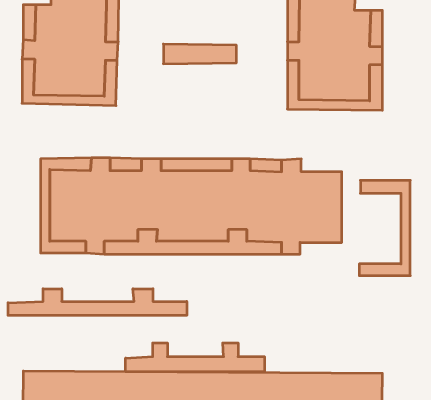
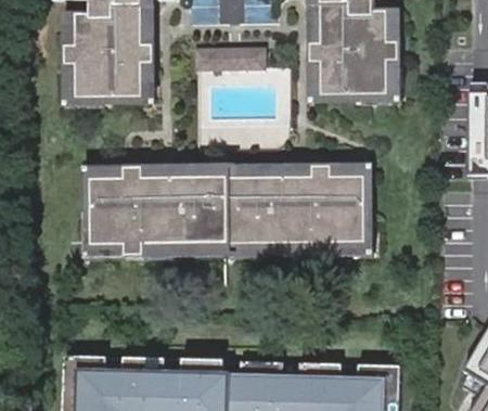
building: [359,180,410,276] -> [321,160,369,249]
building: [8,289,187,315] -> none
building: [126,343,264,372] -> none

